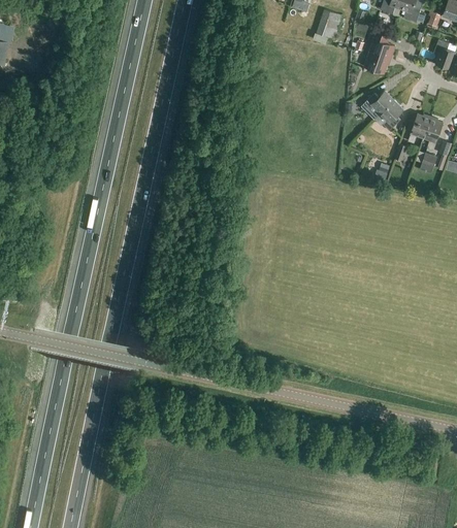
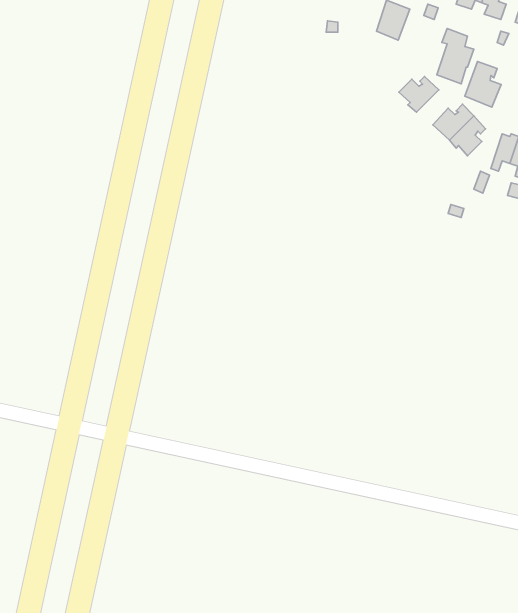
building: none -> [465,61,501,107]
building: none -> [399,76,439,112]

